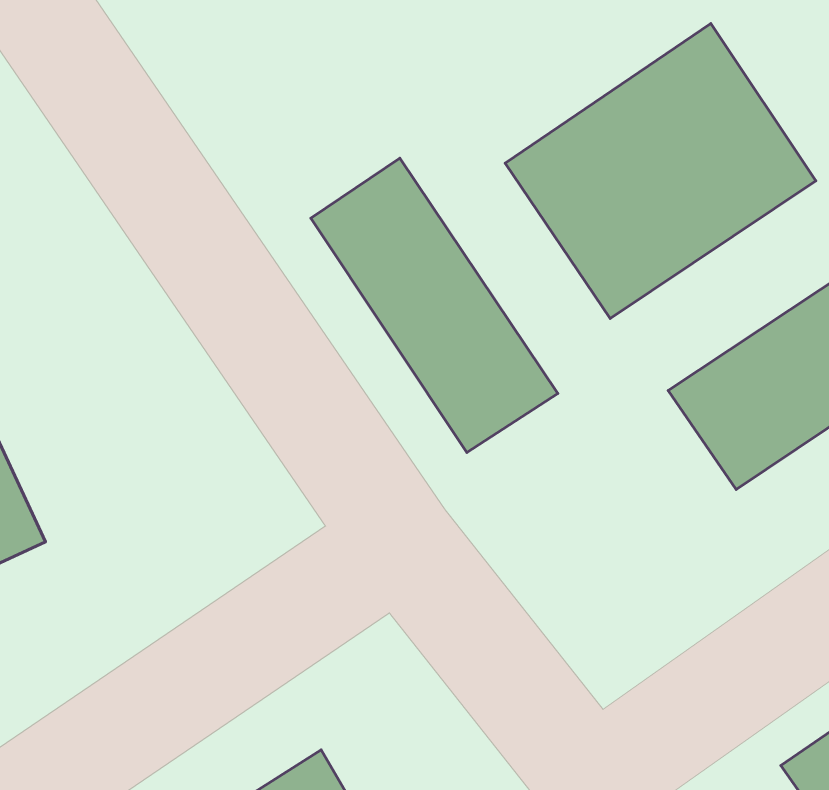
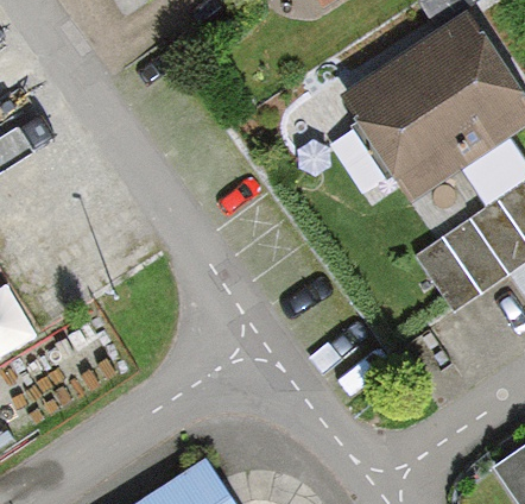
building: [311,158,558,452] -> none

